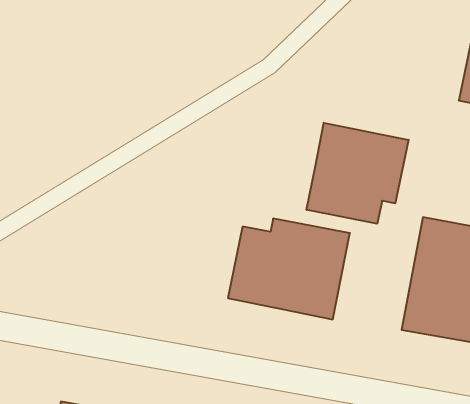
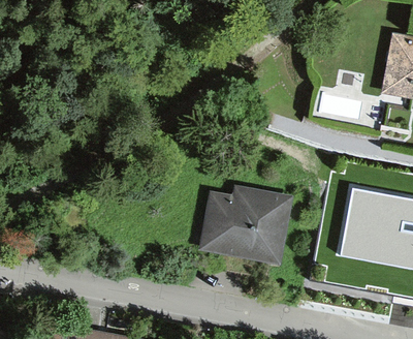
building: [307,123,409,224] -> none

